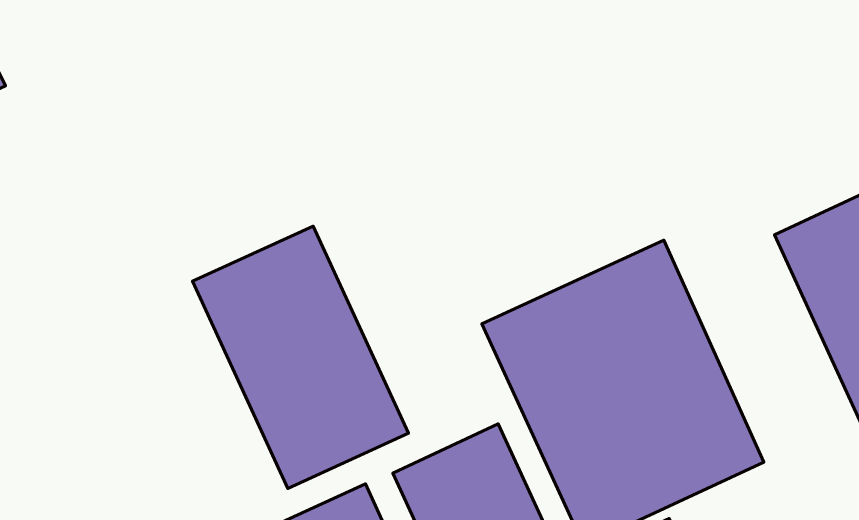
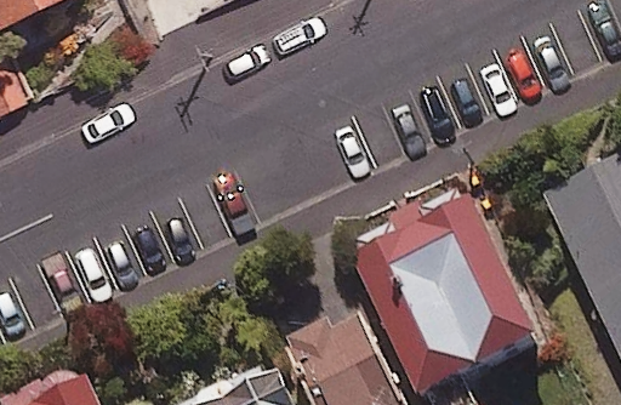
building: [192,226,409,488] -> none

